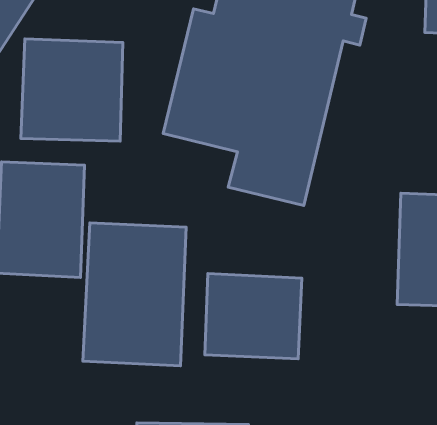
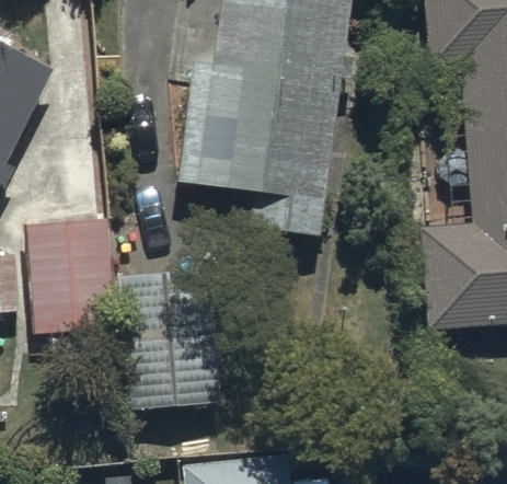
building: [21,39,123,141] -> none
building: [205,273,302,359] -> none

